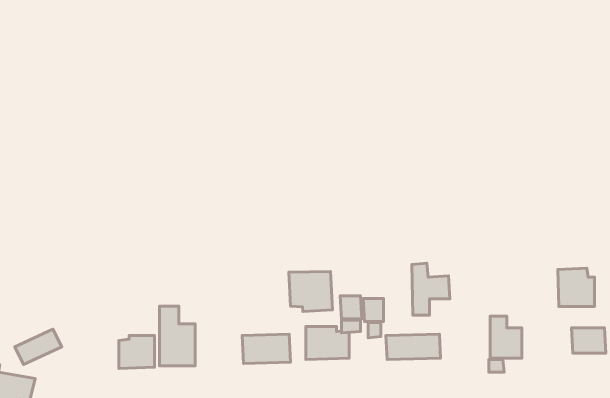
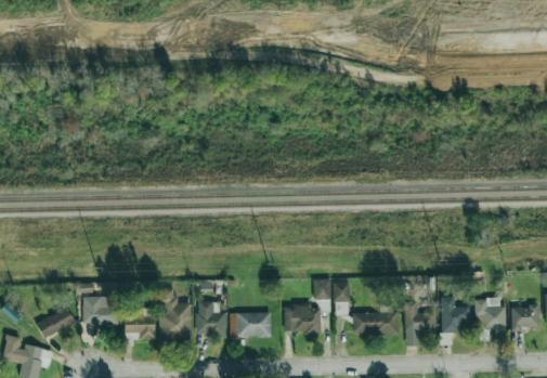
building: [412,263,450,315] -> [404,301,437,346]
building: [558,268,595,306] -> [474,298,506,330]
building: [289,271,333,312] -> none
building: none -> [82,296,118,324]
building: none -> [196,301,226,336]

